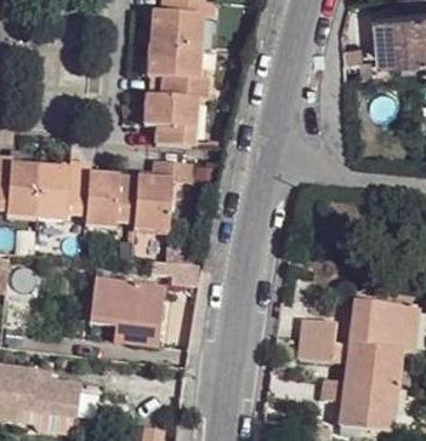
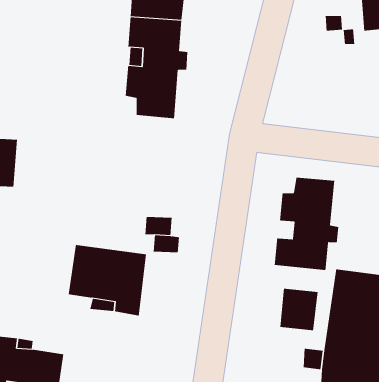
building: [33,161,192,233] -> none
building: none -> [274,177,339,271]

